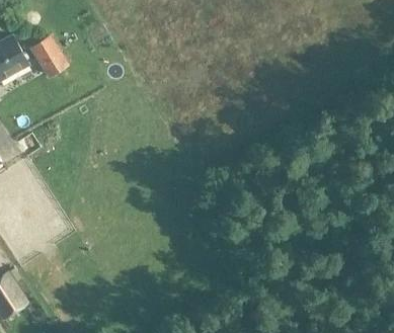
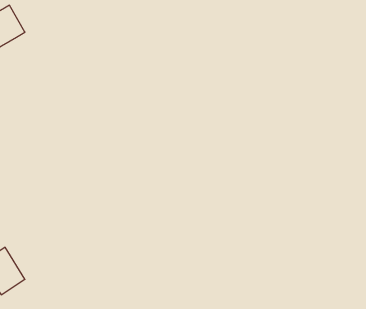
building: [31,37,66,76] -> none

